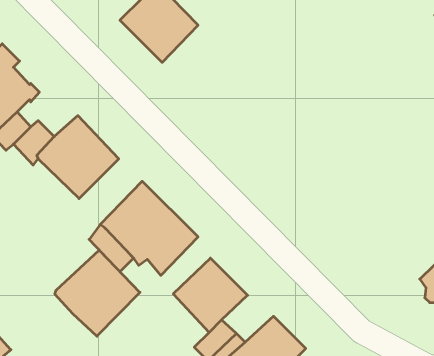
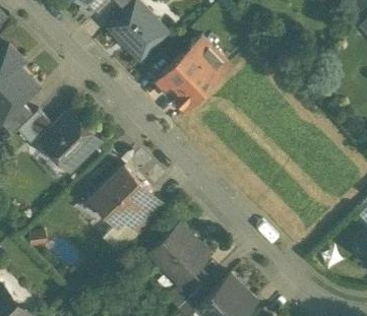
building: none -> [159,39,228,109]
building: [55,250,140,336] -> none

